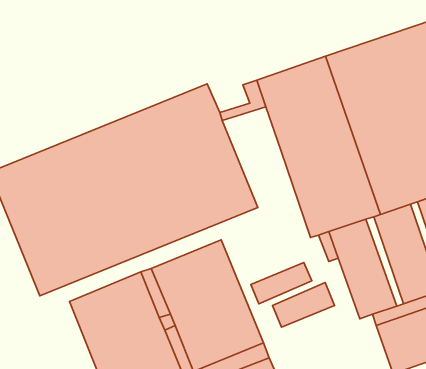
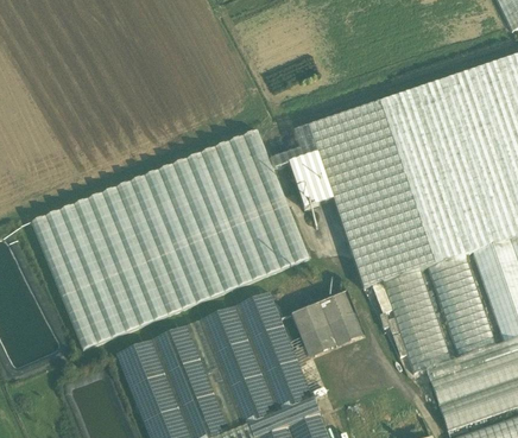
building: none -> [288,152,333,208]
building: [272,282,334,327] -> [292,290,356,336]

